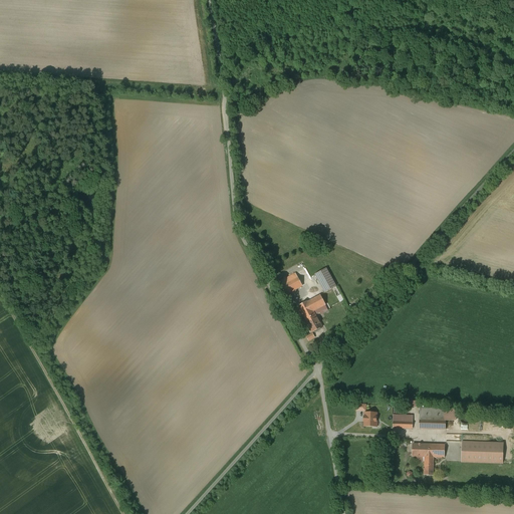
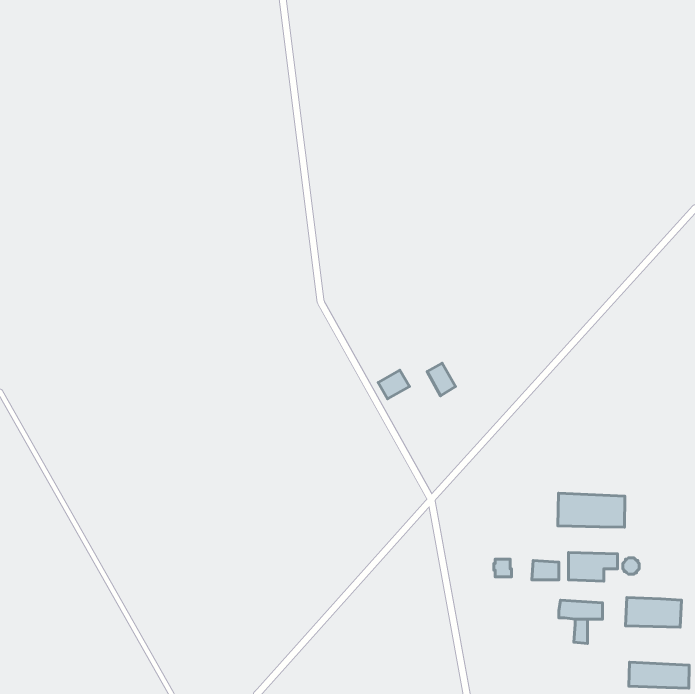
building: [298,294,327,332] -> none
building: none -> [558,493,625,527]
building: none -> [629,662,689,688]

